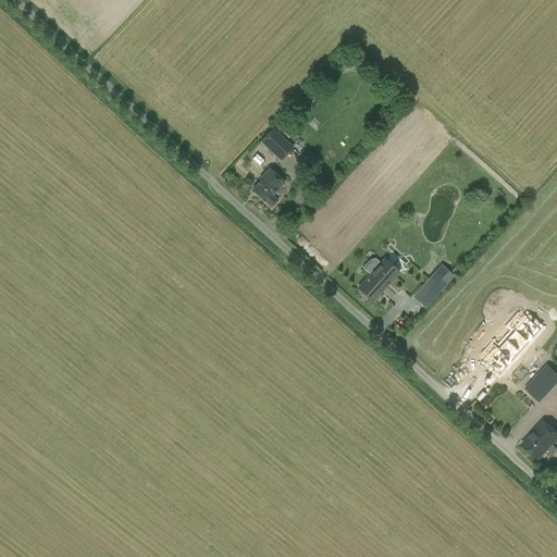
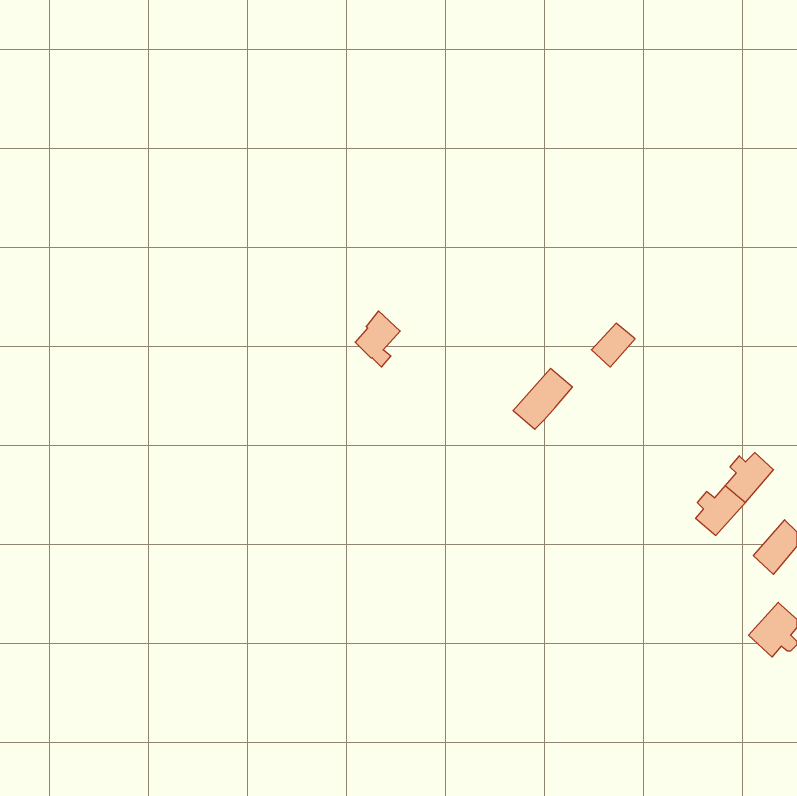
building: [260,127,292,158] -> none
building: [252,166,284,206] -> [355,311,400,367]
building: [412,276,443,307] -> [591,323,635,367]

